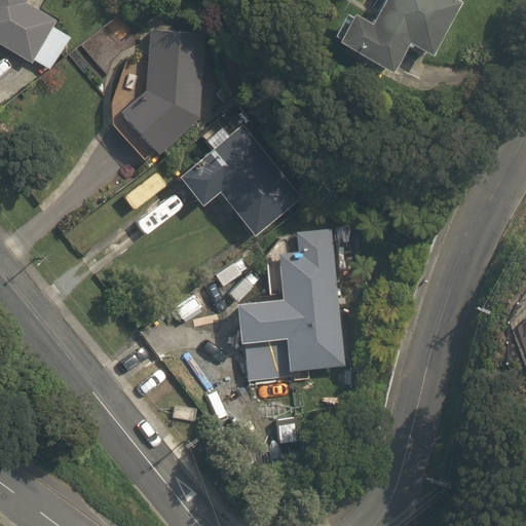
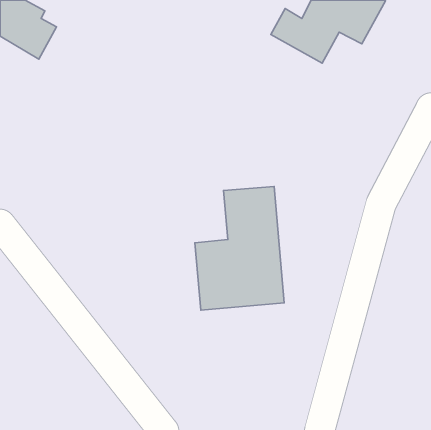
building: [122,29,201,151] -> none
building: [182,123,304,236] -> none

